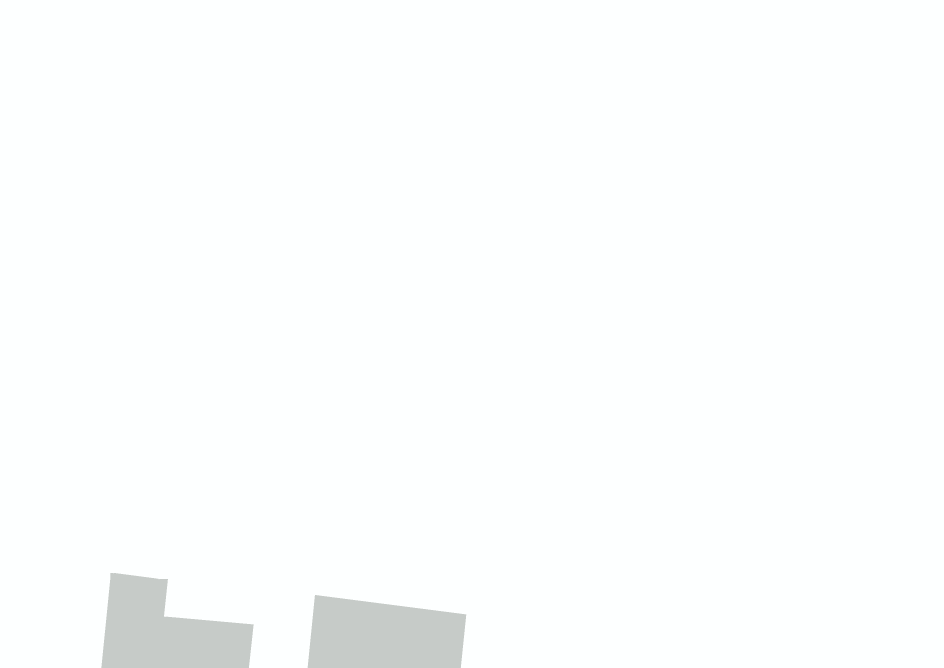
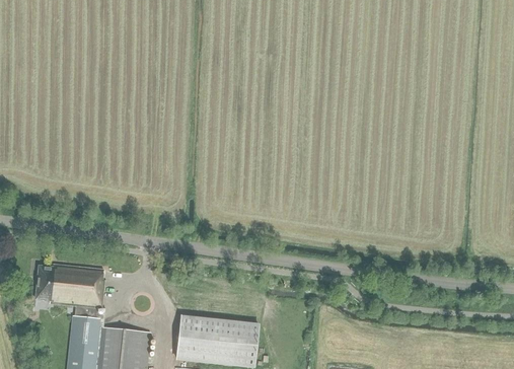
building: none -> [35,264,104,308]

